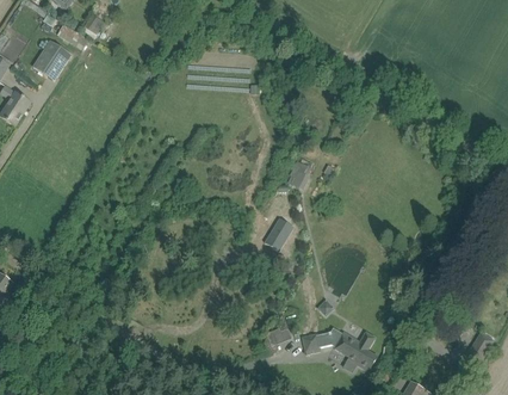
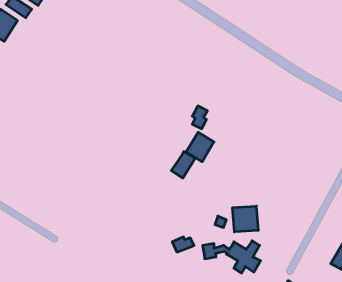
building: none -> [186,132,214,162]
building: none -> [233,206,258,232]

